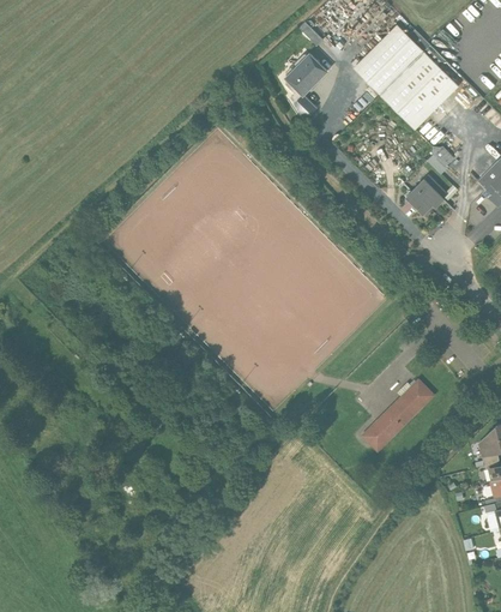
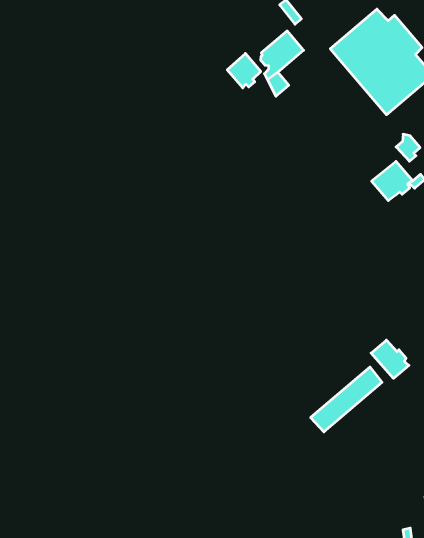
building: none -> [227,53,261,88]
building: none -> [371,340,409,378]

